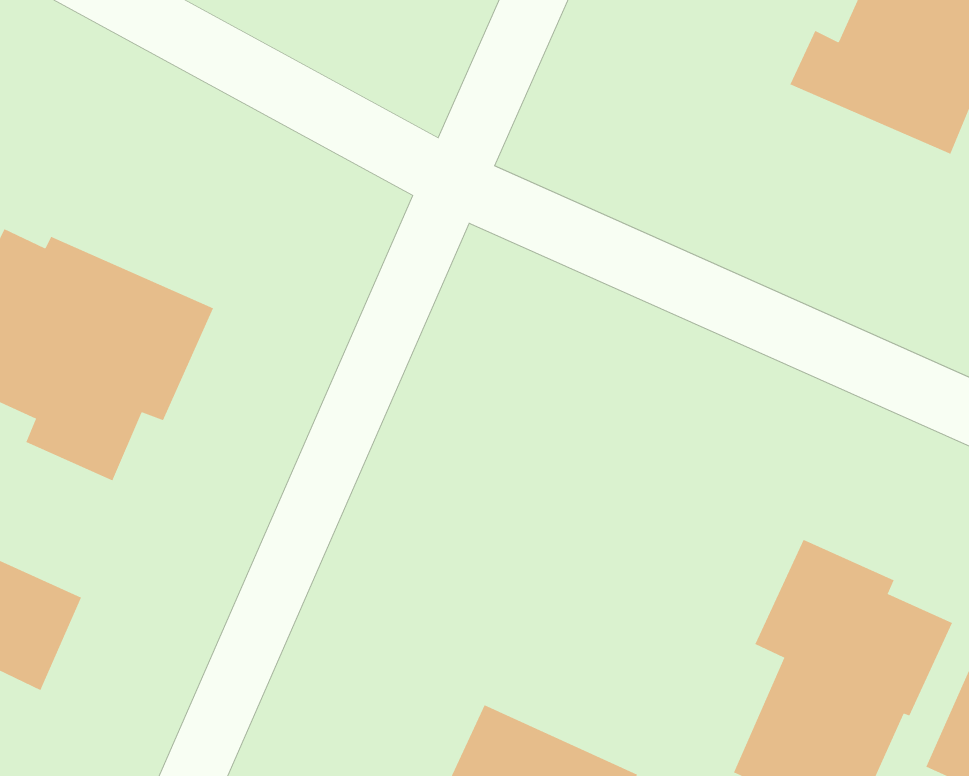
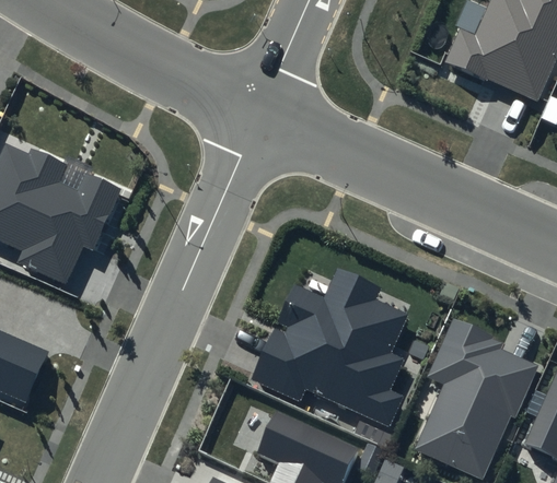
building: none -> [251,268,409,426]

